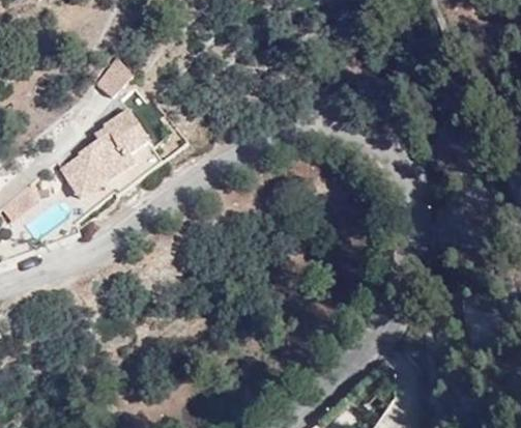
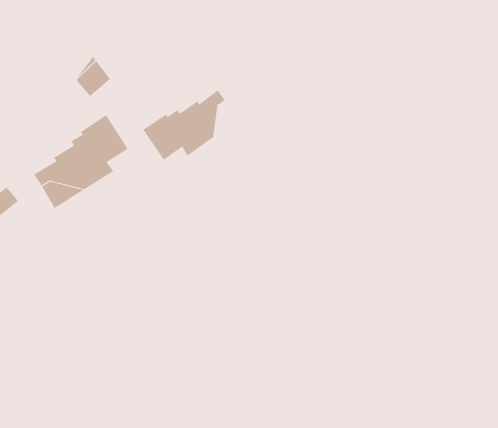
building: none -> [143,90,225,161]

